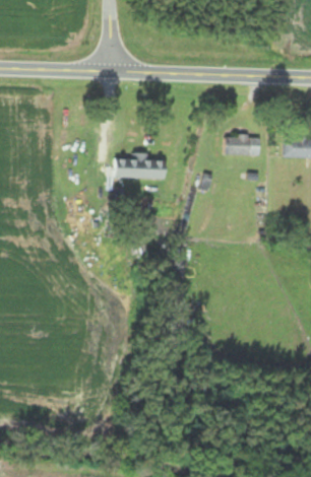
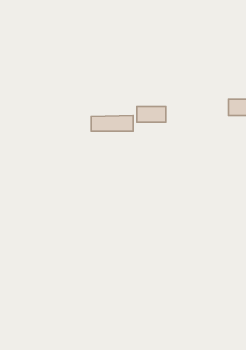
building: [226,136,261,155] -> [137,107,166,122]

